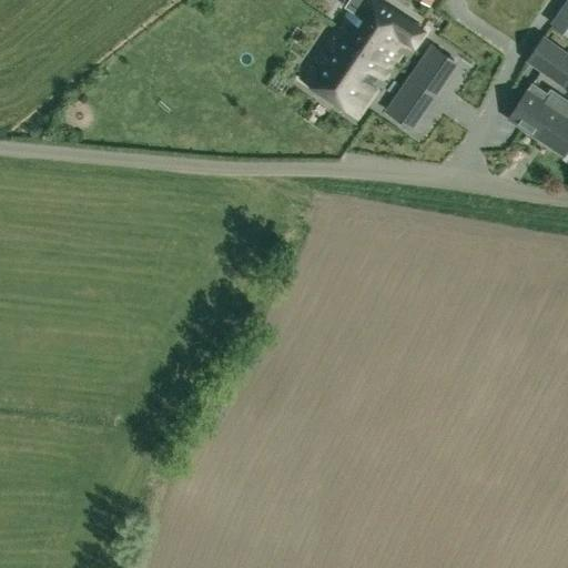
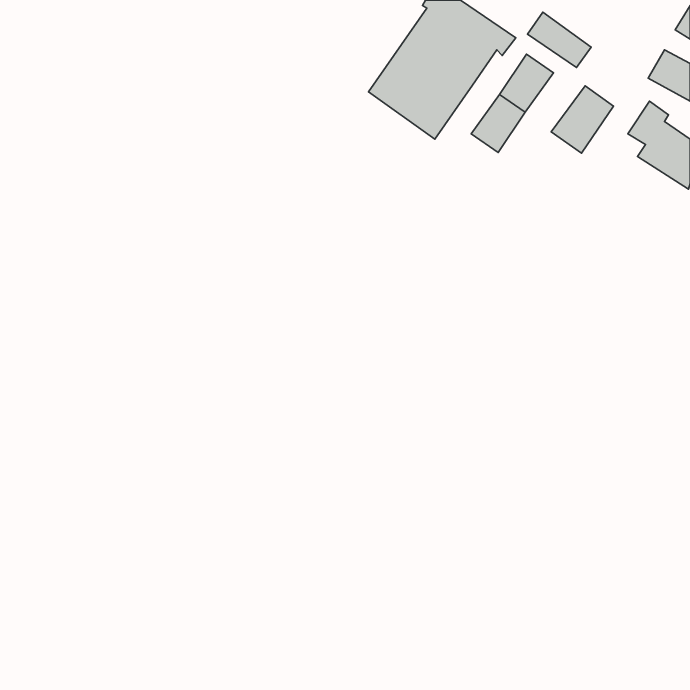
building: none -> [528,12,591,68]
building: none -> [551,86,613,153]

